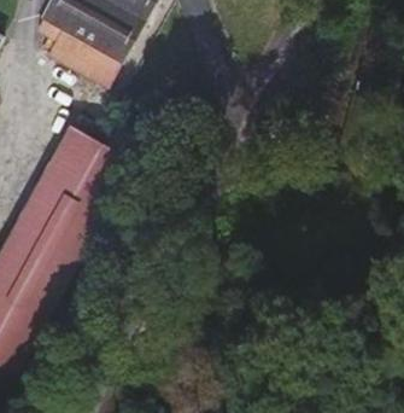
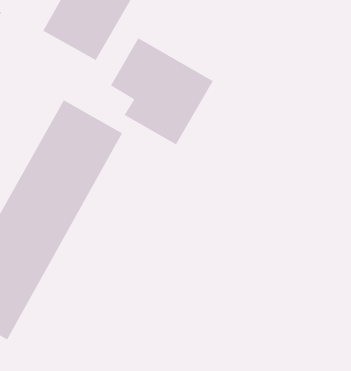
building: none -> [110,37,213,145]

